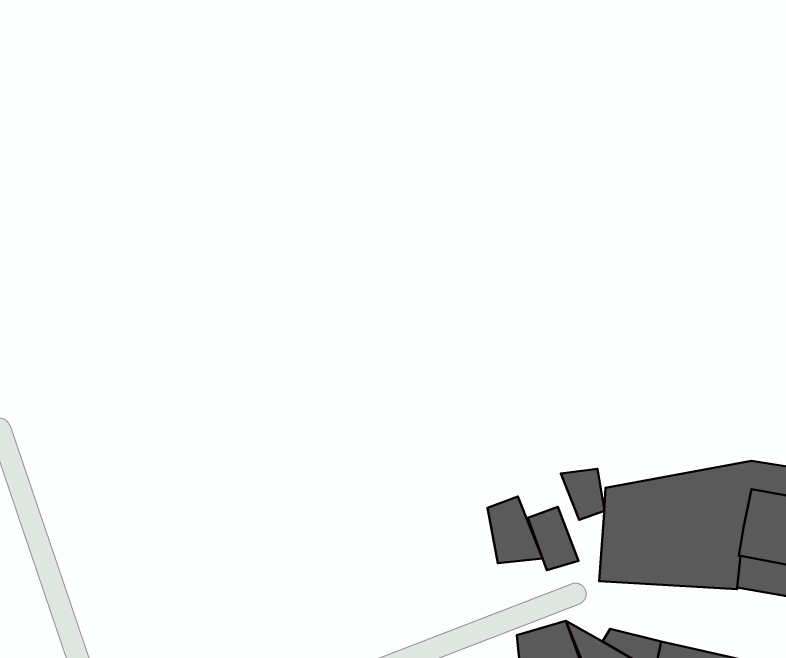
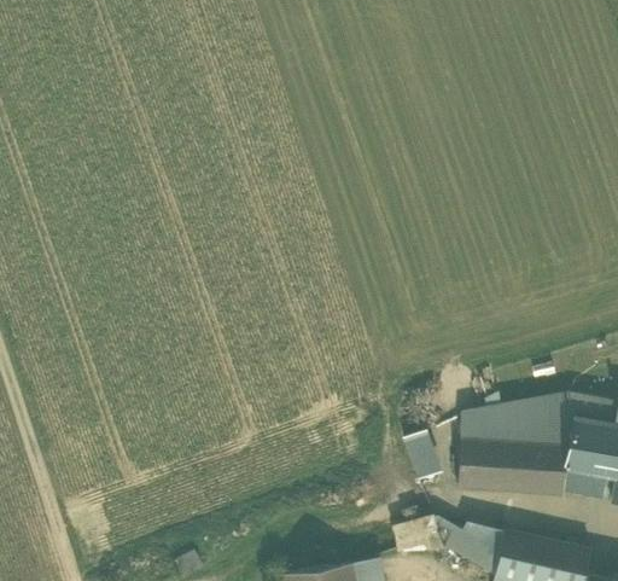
building: [561,469,604,520] -> none
building: [488,497,543,563] -> none

